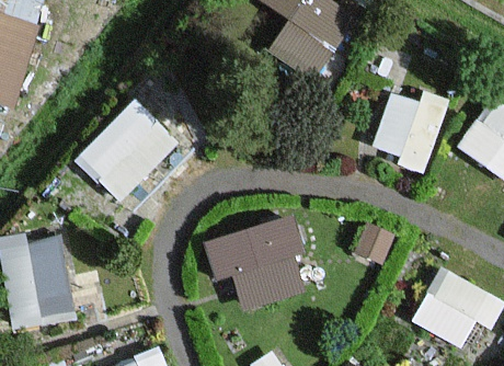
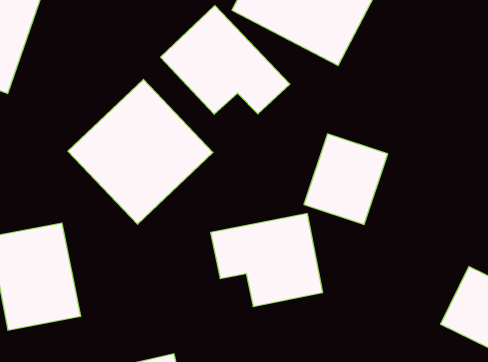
building: none -> [161,6,290,114]
building: [371,89,449,173] -> [304,134,388,225]

